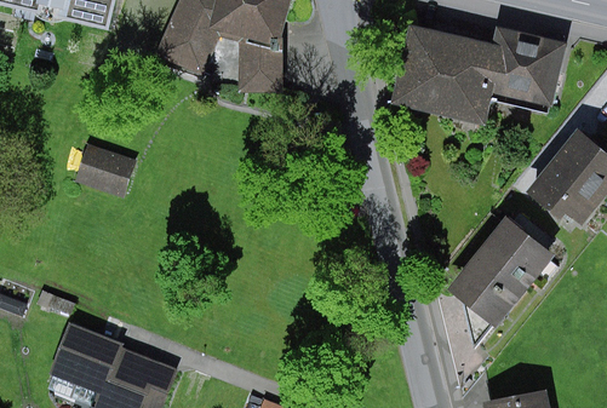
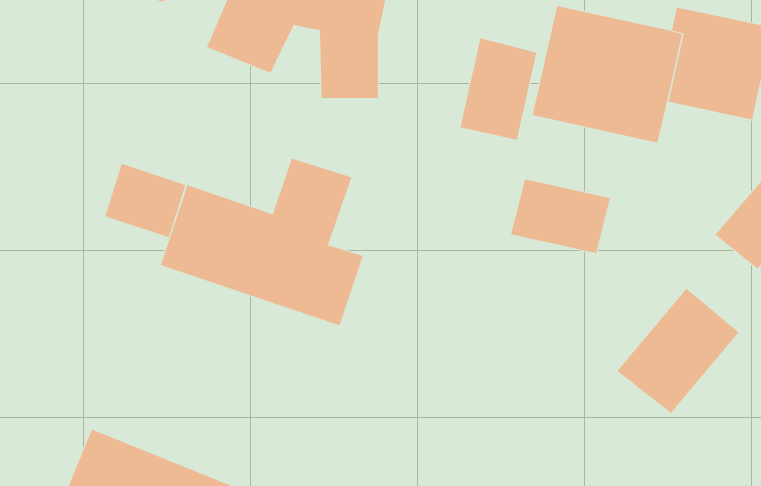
building: none -> [460,37,537,140]
building: none -> [160,158,363,326]
building: none -> [511,178,611,254]

